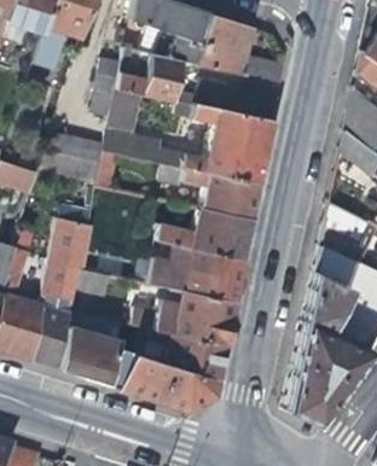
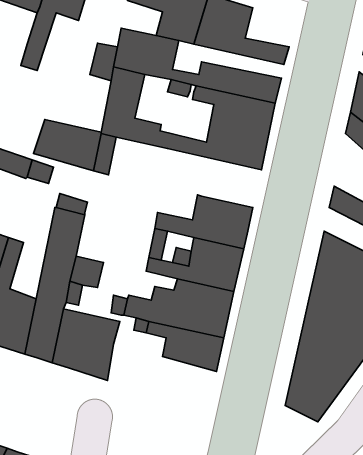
building: [169,163,262,220] -> none
building: [114,351,219,410] -> none

